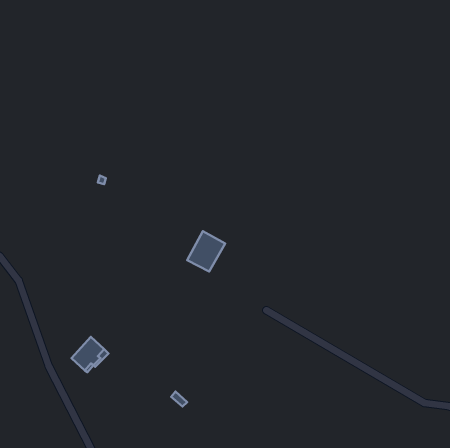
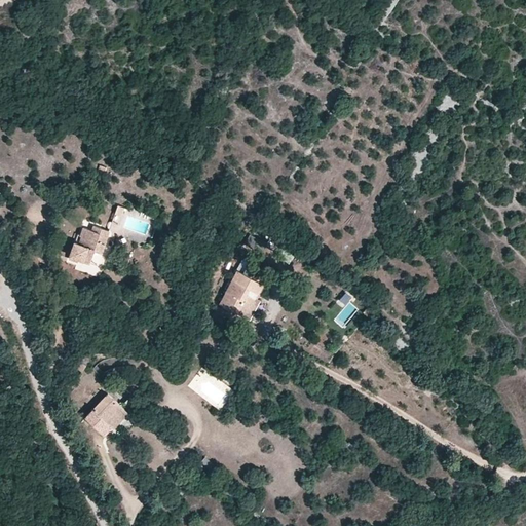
building: none -> [67,226,106,264]

